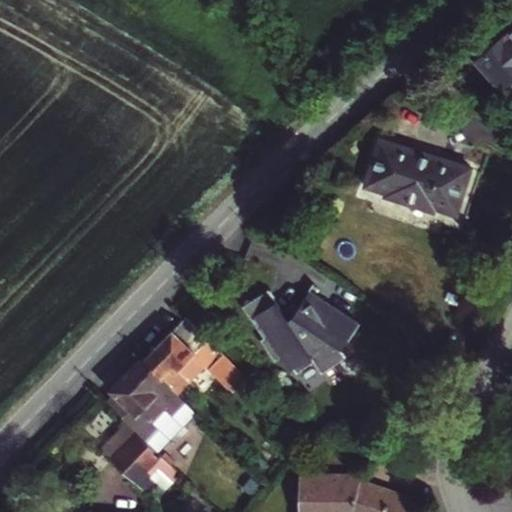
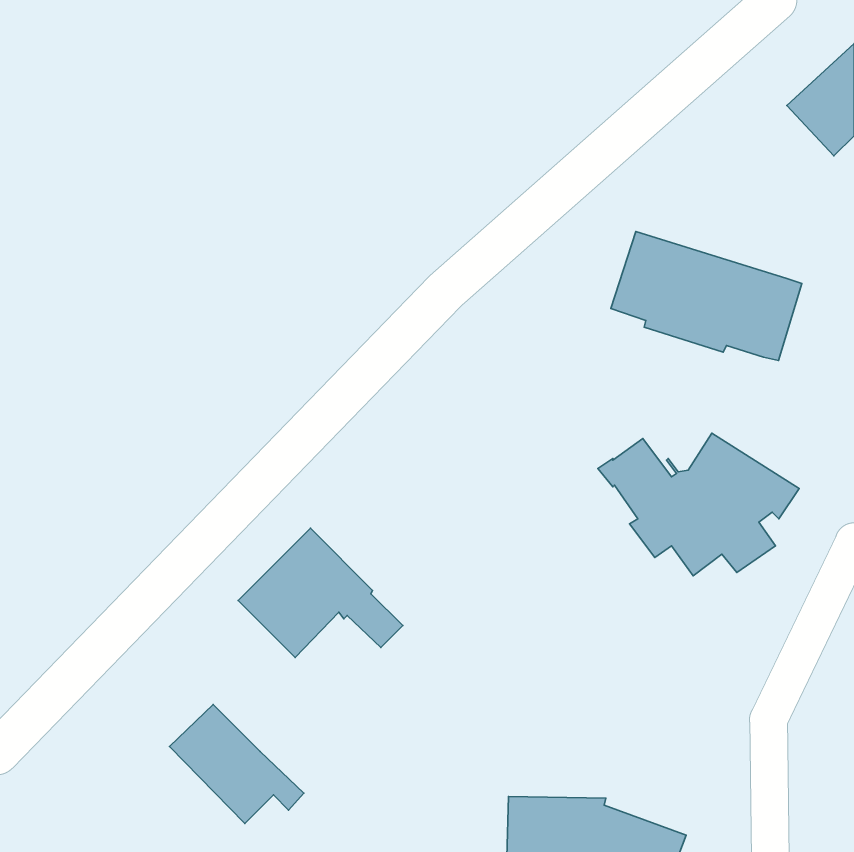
building: [242,286,362,371] -> [598,433,799,576]
building: [106,361,193,451] -> none

